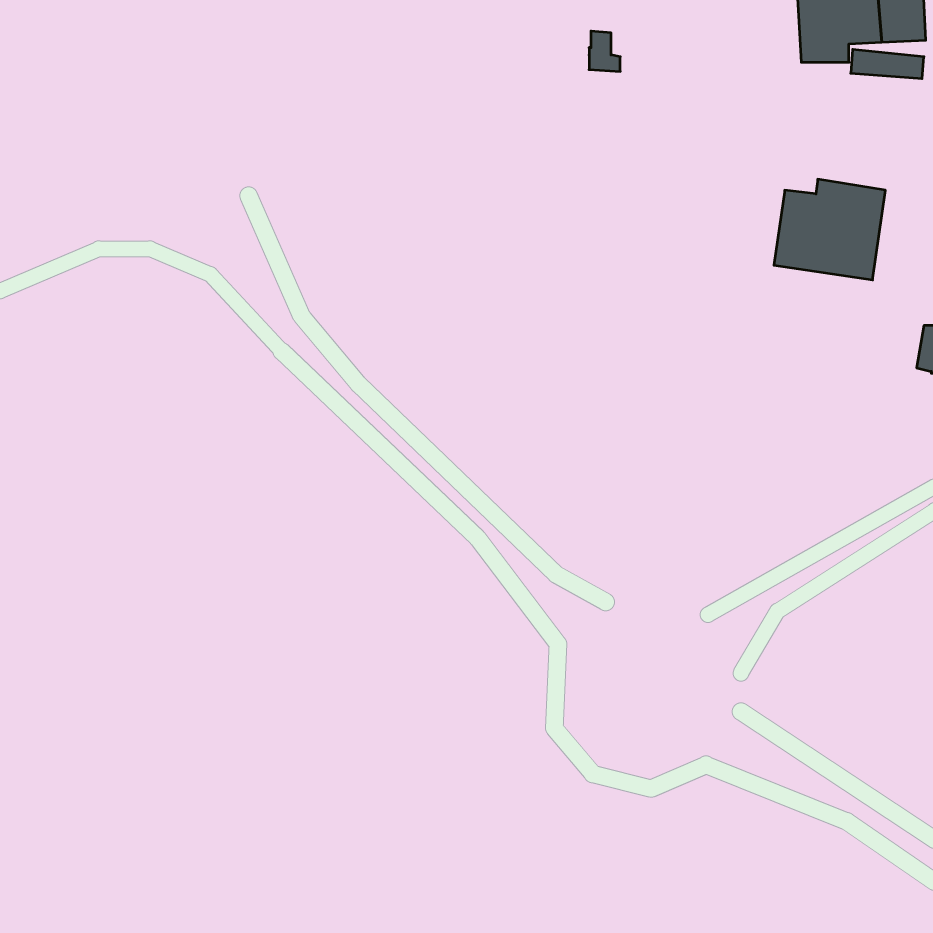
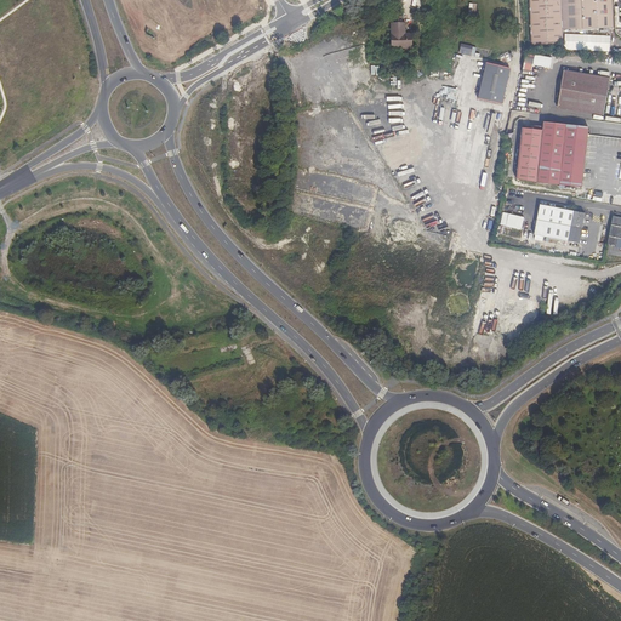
building: none -> [479,63,512,104]
building: none -> [557,72,606,114]
building: none -> [535,203,585,241]

